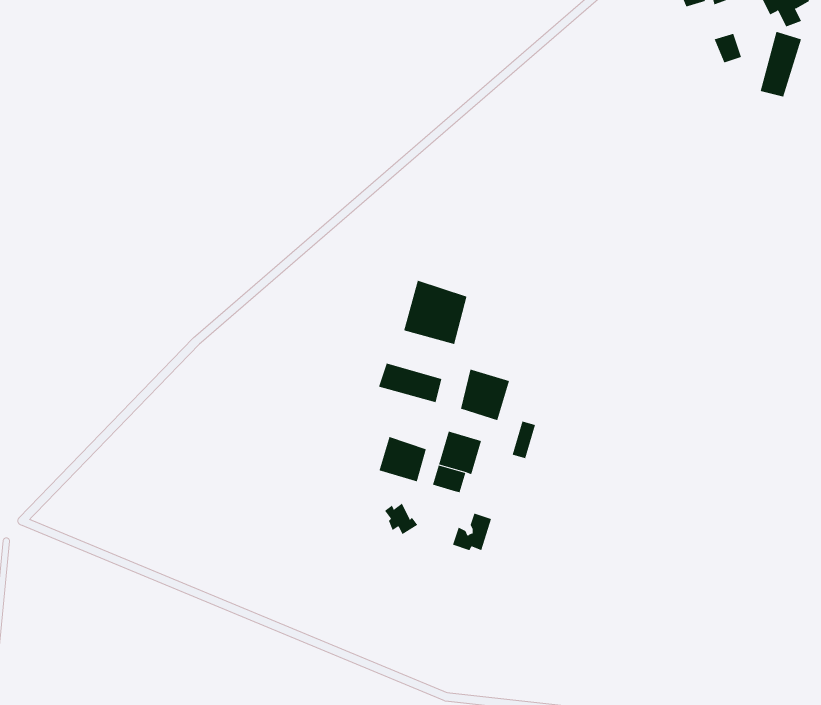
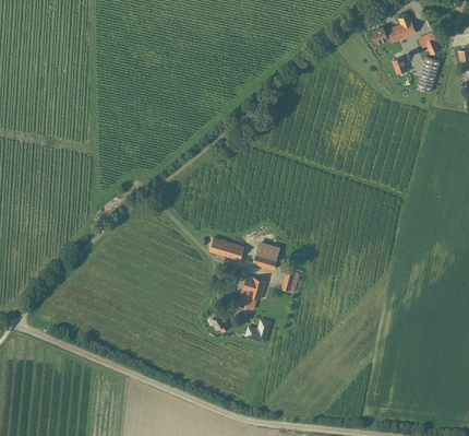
building: [404,280,467,345] -> none
building: [379,436,426,482] -> none

